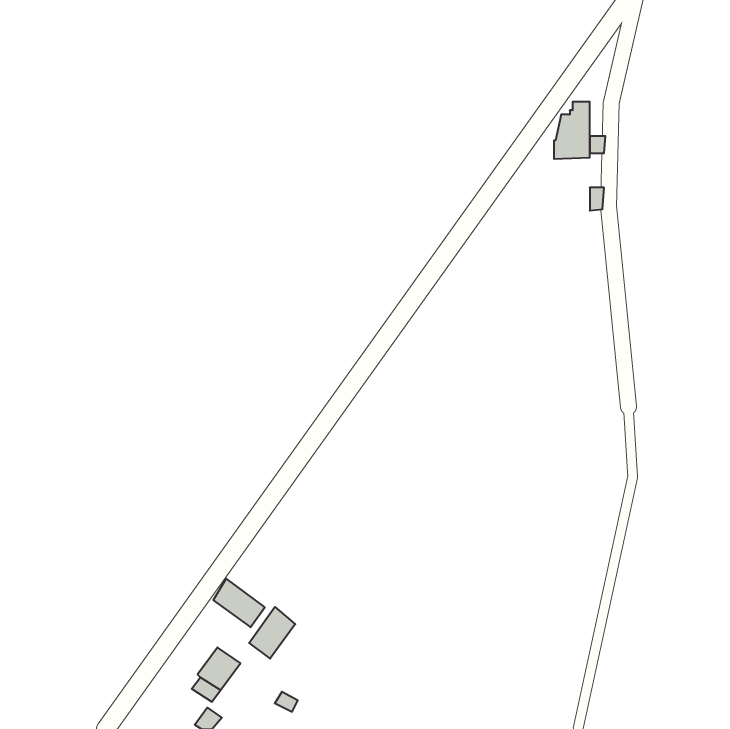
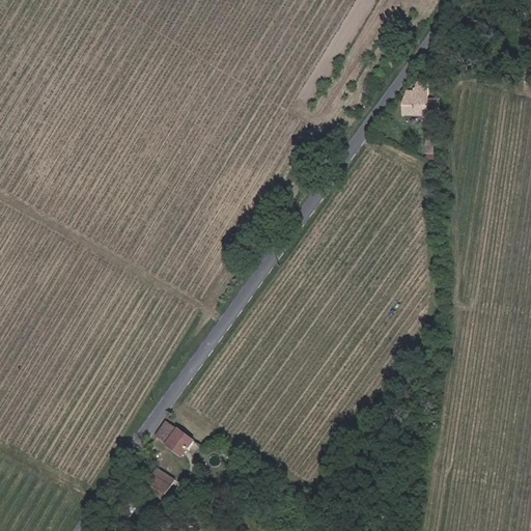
building: [249,607,295,659] -> none

